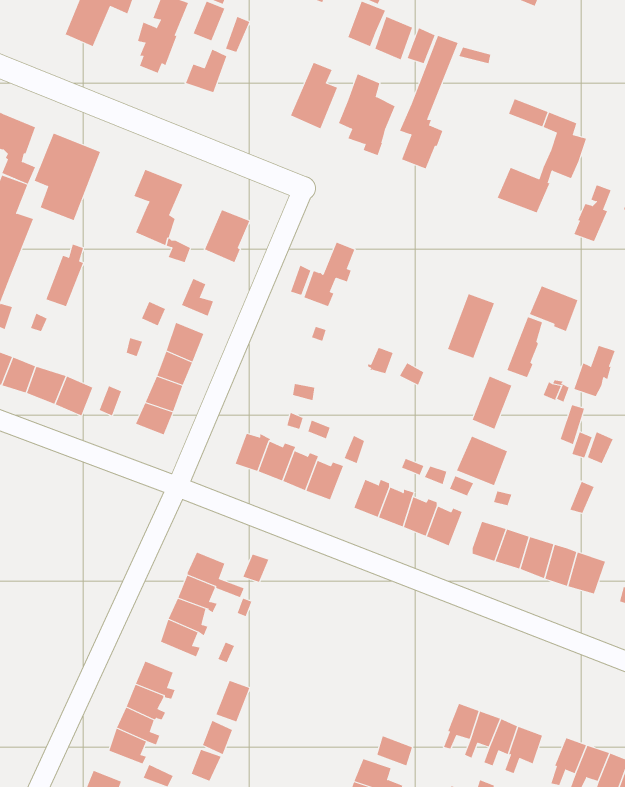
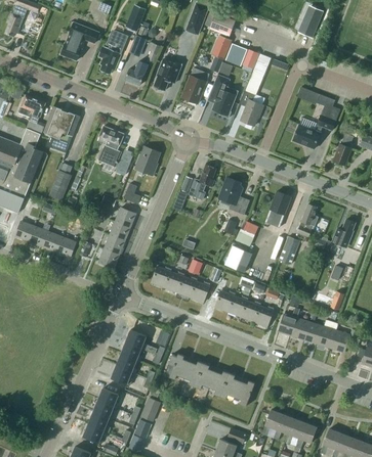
building: none -> [154,56,182,90]
building: none -> [218,177,249,214]
building: [529,285,578,332] -> none
building: [456,436,508,486] -> [224,245,252,272]
building: none -> [163,354,255,406]

